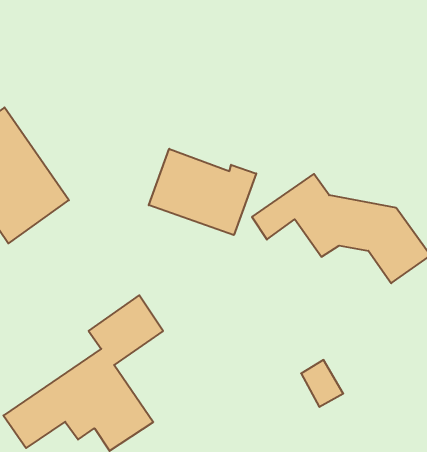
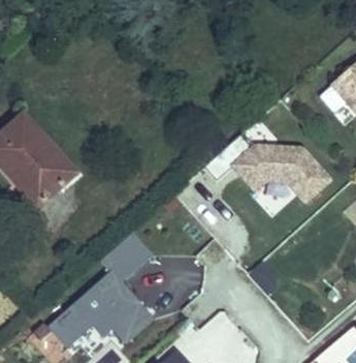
building: [149,149,256,235] -> none

